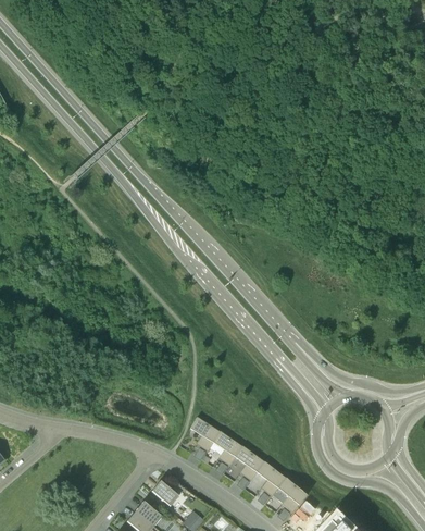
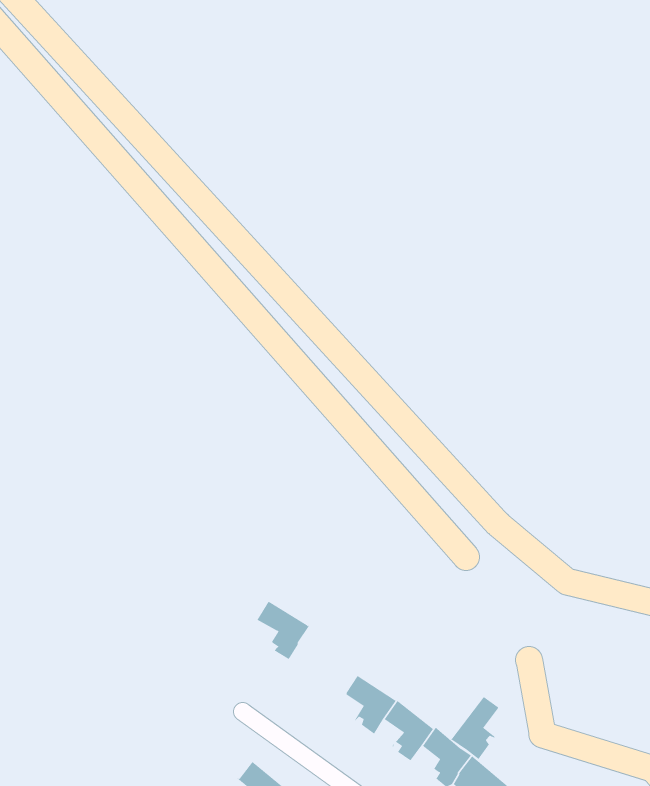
building: [190,419,221,453] -> [257,601,310,660]
building: none -> [450,696,499,760]

